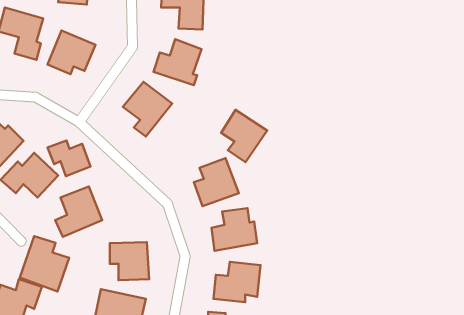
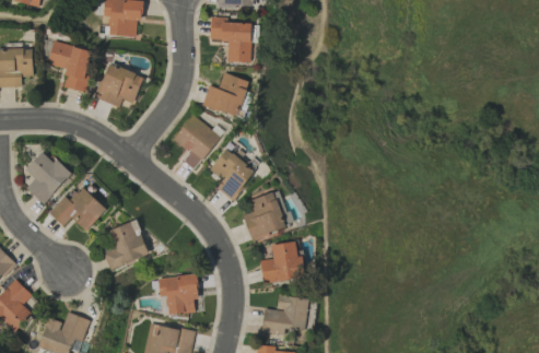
building: [221,110,267,162] -> [210,149,256,201]
building: [48,140,90,176] -> none
building: [20,236,69,292] -> none

